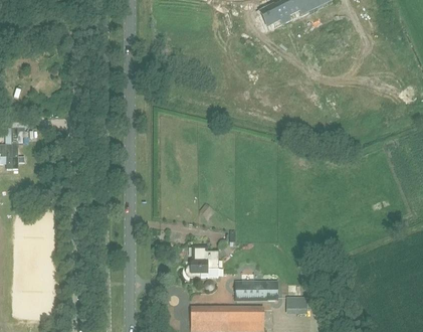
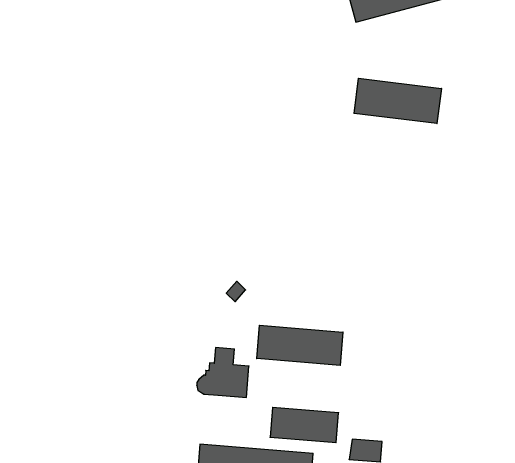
building: none -> [354,78,441,124]
building: none -> [257,325,343,365]

